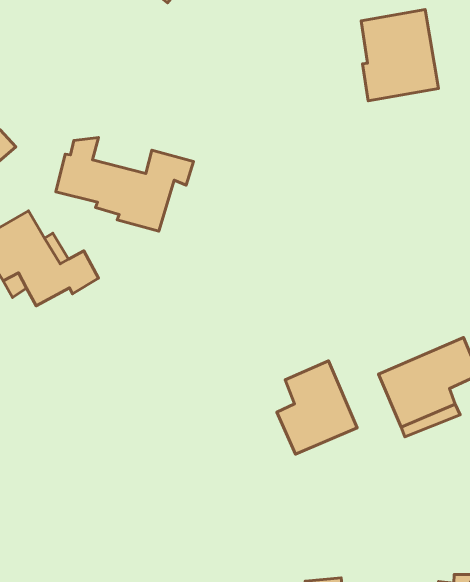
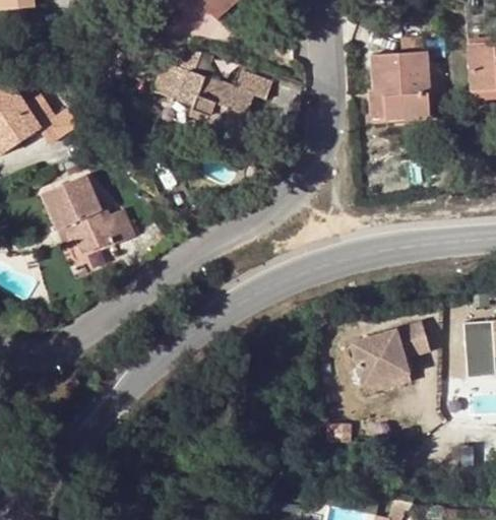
building: [56,138,193,231] -> [161,54,274,135]
building: [277,361,357,454] -> none

